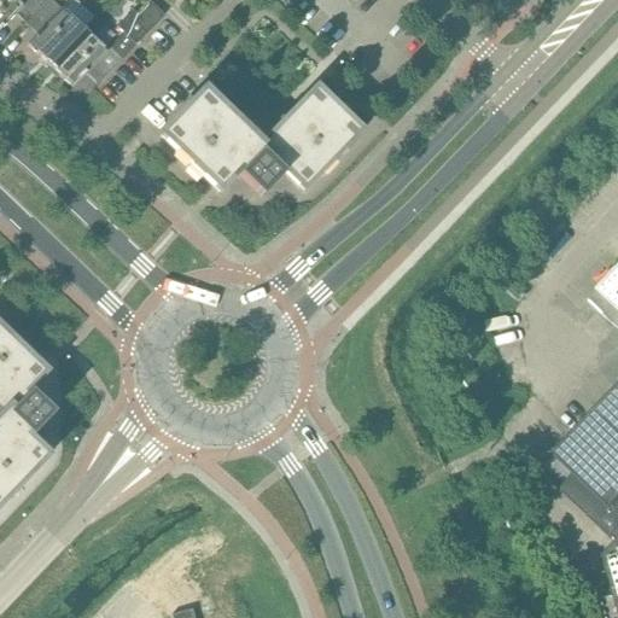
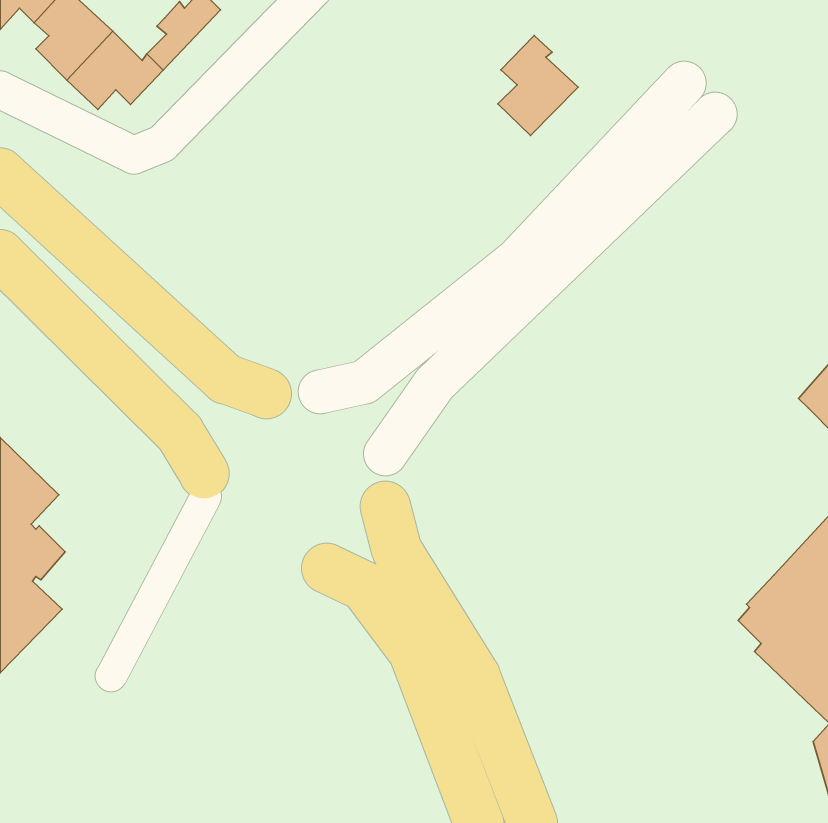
building: none -> [498,35,578,135]
building: [164,82,363,188] -> none

